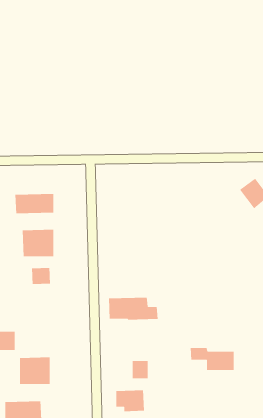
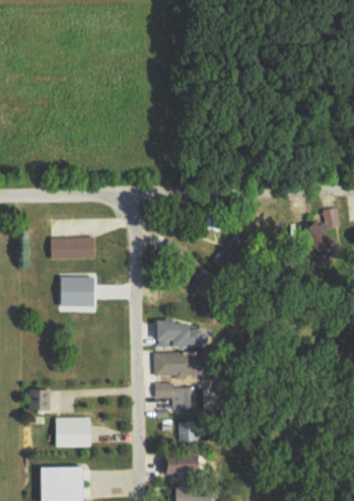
building: [32,267,50,285] -> none
building: none -> [155,319,204,346]
building: [190,347,235,370] -> [155,383,205,409]

